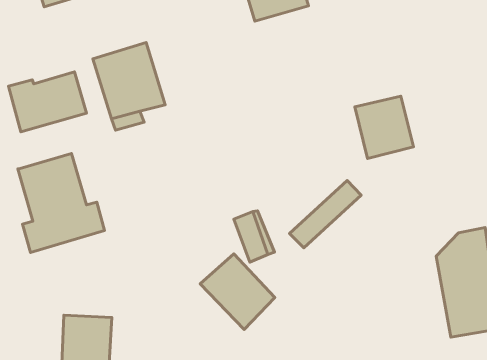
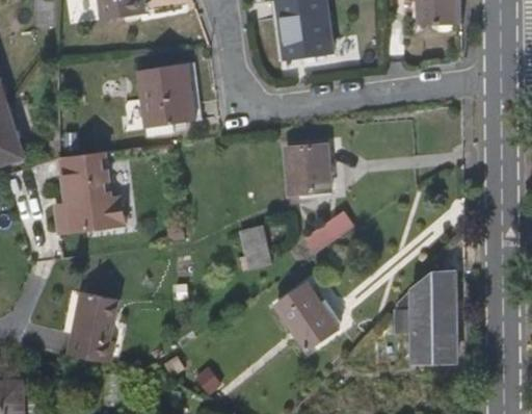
building: [9,72,87,132] -> none
building: [355,96,413,158] -> [285,145,330,195]
building: [200,254,275,329] -> [274,283,338,351]

